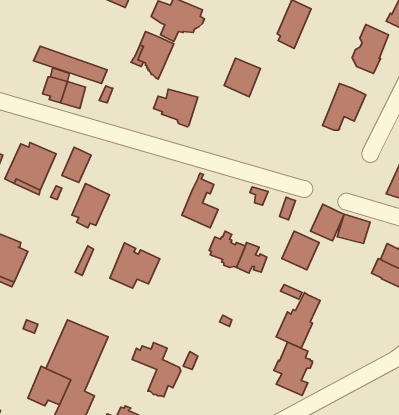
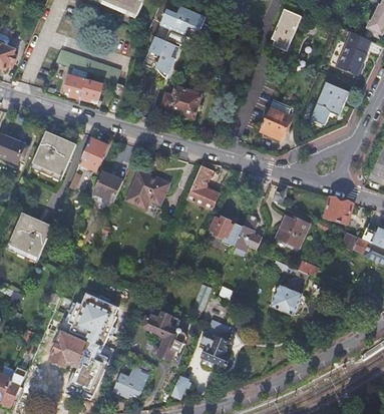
building: [224,58,260,97] -> [259,106,291,140]
building: [311,204,344,241] -> none
building: [110,243,160,288] -> [125,168,169,209]
building: [274,342,312,395] -> [199,318,233,365]

